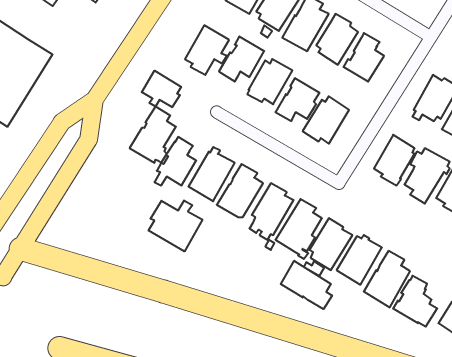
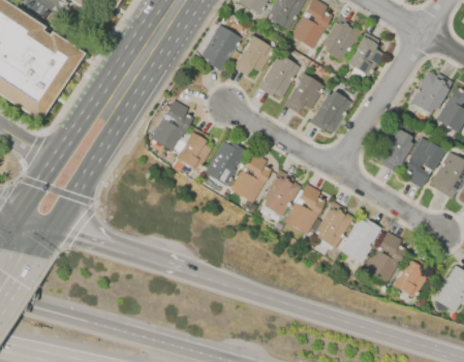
building: [142,71,181,107] -> none
building: [149,200,202,251] -> none
building: [281,261,332,309] -> none

